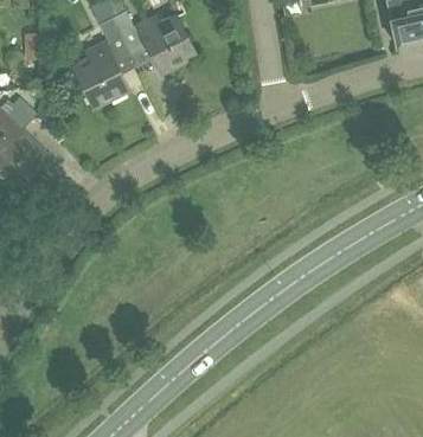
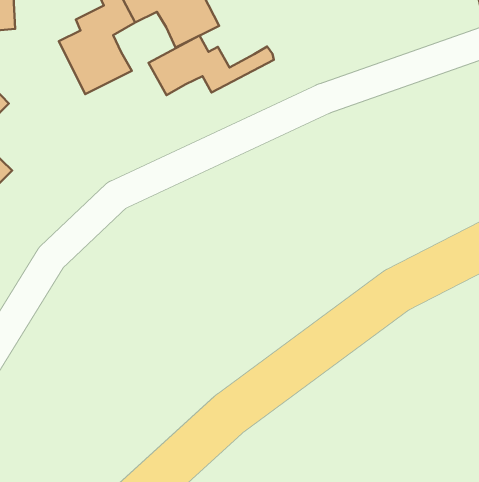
building: none -> [148,36,274,95]

